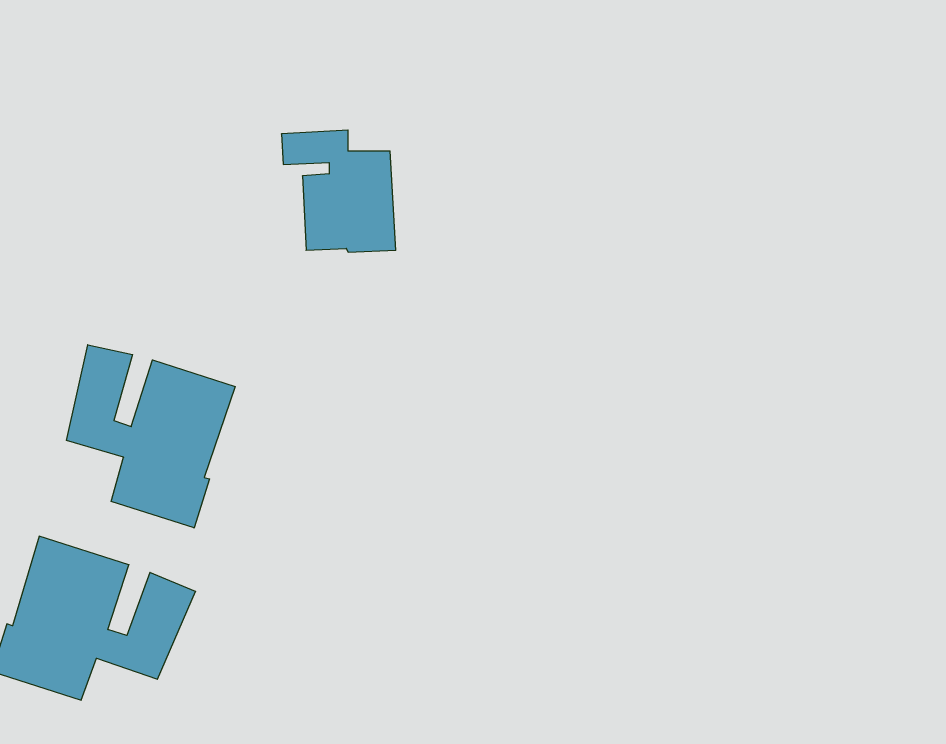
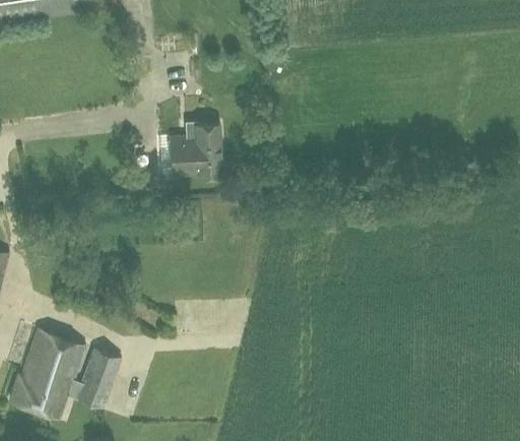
building: [66,345,235,528] -> none

